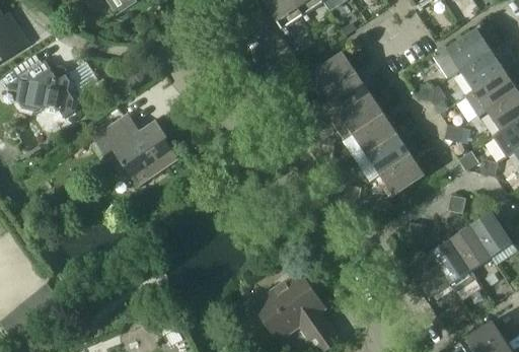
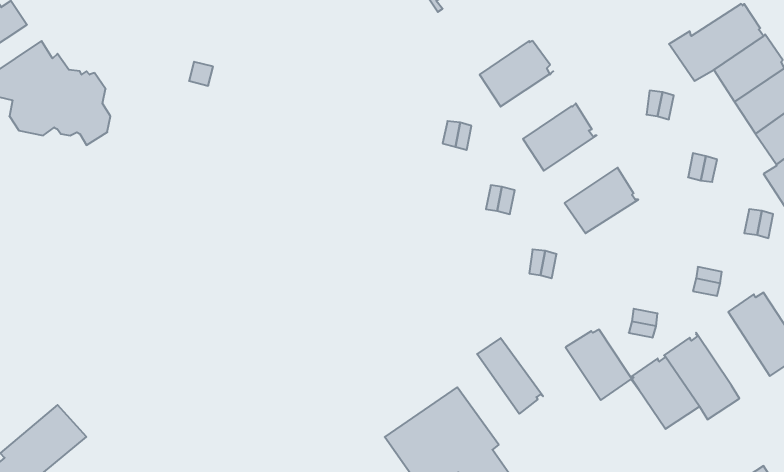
building: [325,72,370,115] -> none
building: [353,113,399,155] -> none
building: [92,117,175,179] -> none
building: [379,153,425,196] -> none
building: [449,226,496,271] -> [566,330,639,400]
building: none -> [477,338,543,414]

